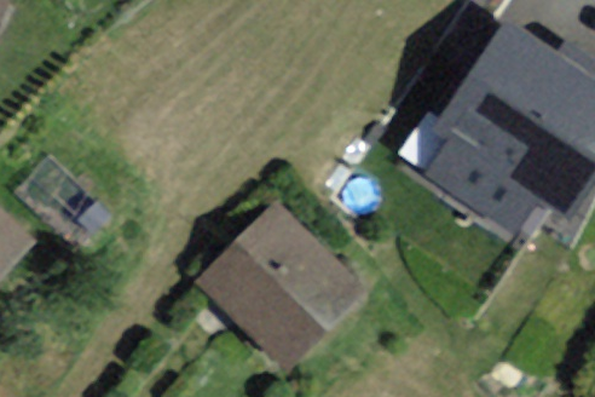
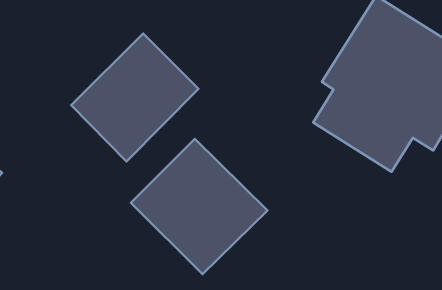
building: none -> [71,33,199,161]

